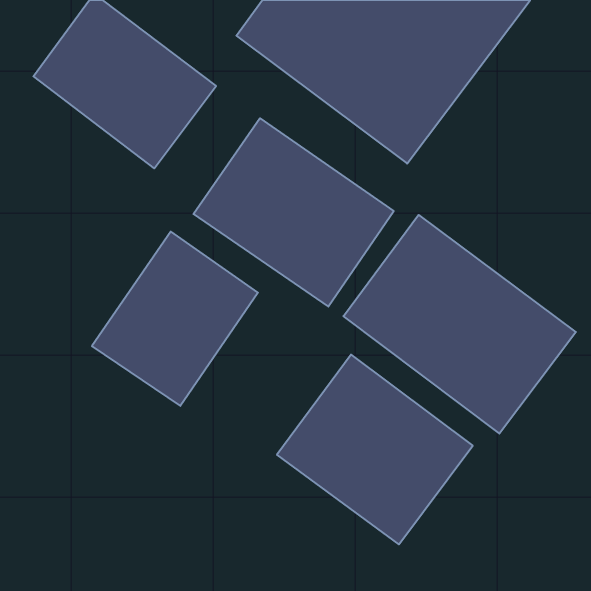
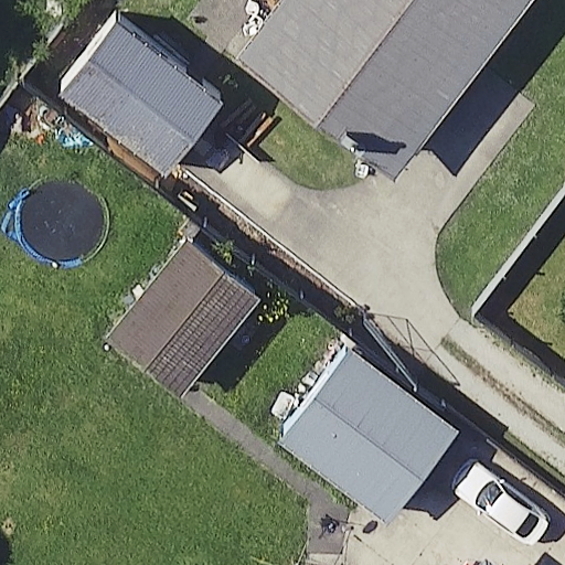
building: [193,118,394,307] -> none
building: [343,215,576,434] -> none

